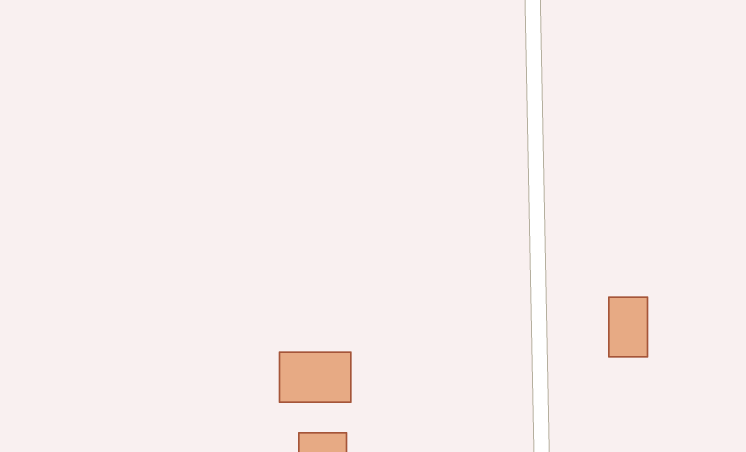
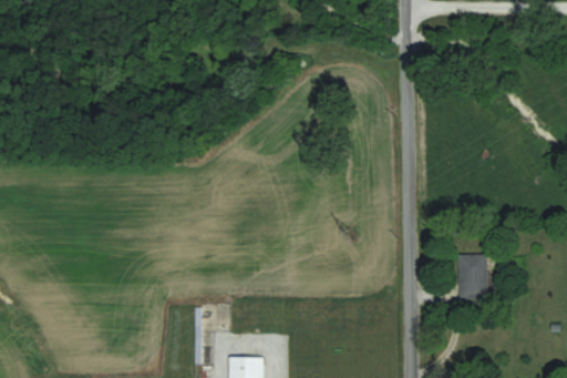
building: [279,352,351,402] -> none

